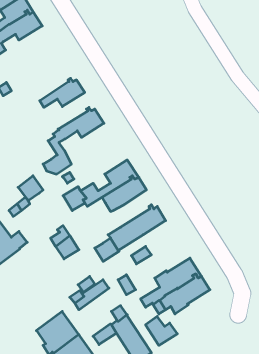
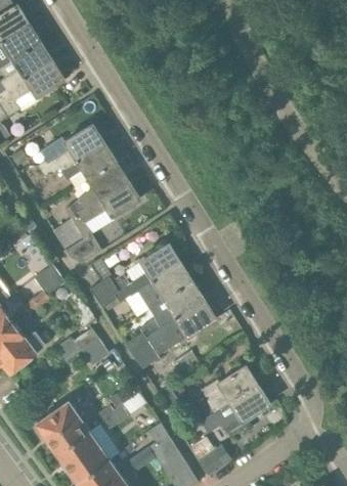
building: none -> [38,125,106,176]
building: none -> [53,162,129,250]
building: none -> [140,281,206,337]
building: none -> [35,402,89,454]

